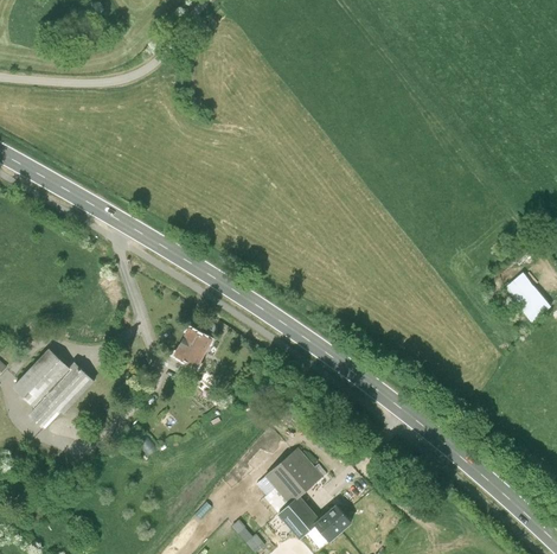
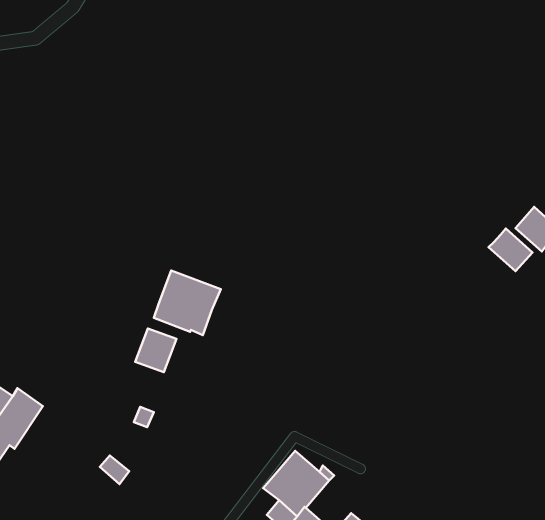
building: none -> [154,271,221,335]
building: none -> [489,229,533,271]

